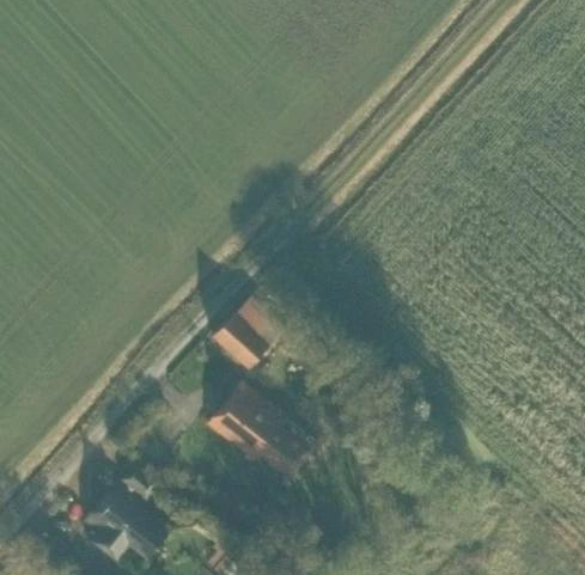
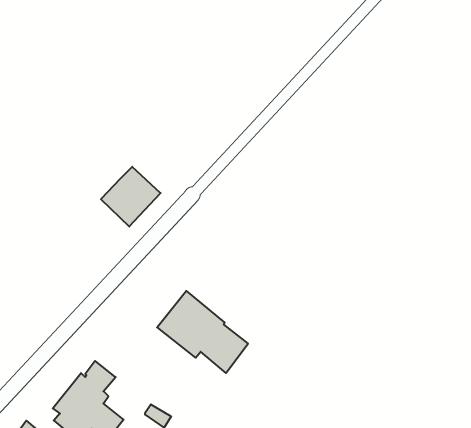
building: [212,300,282,371] -> [101,167,161,227]

